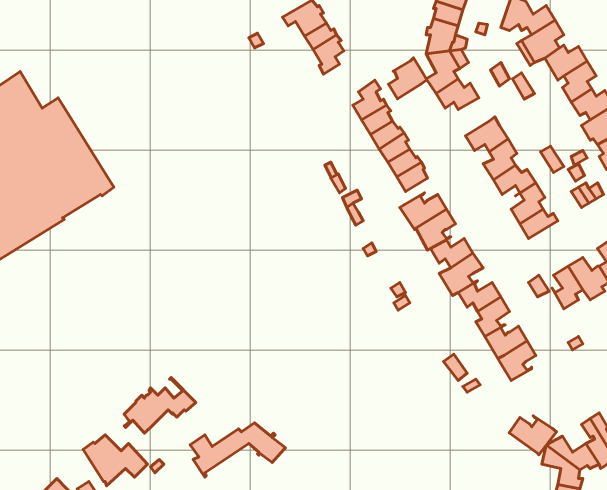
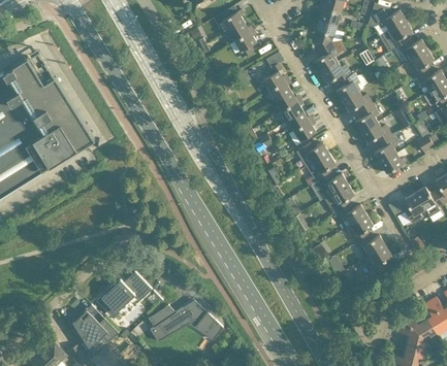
building: [389,58,427,99] -> [337,72,363,101]
building: [509,416,556,455] -> none

